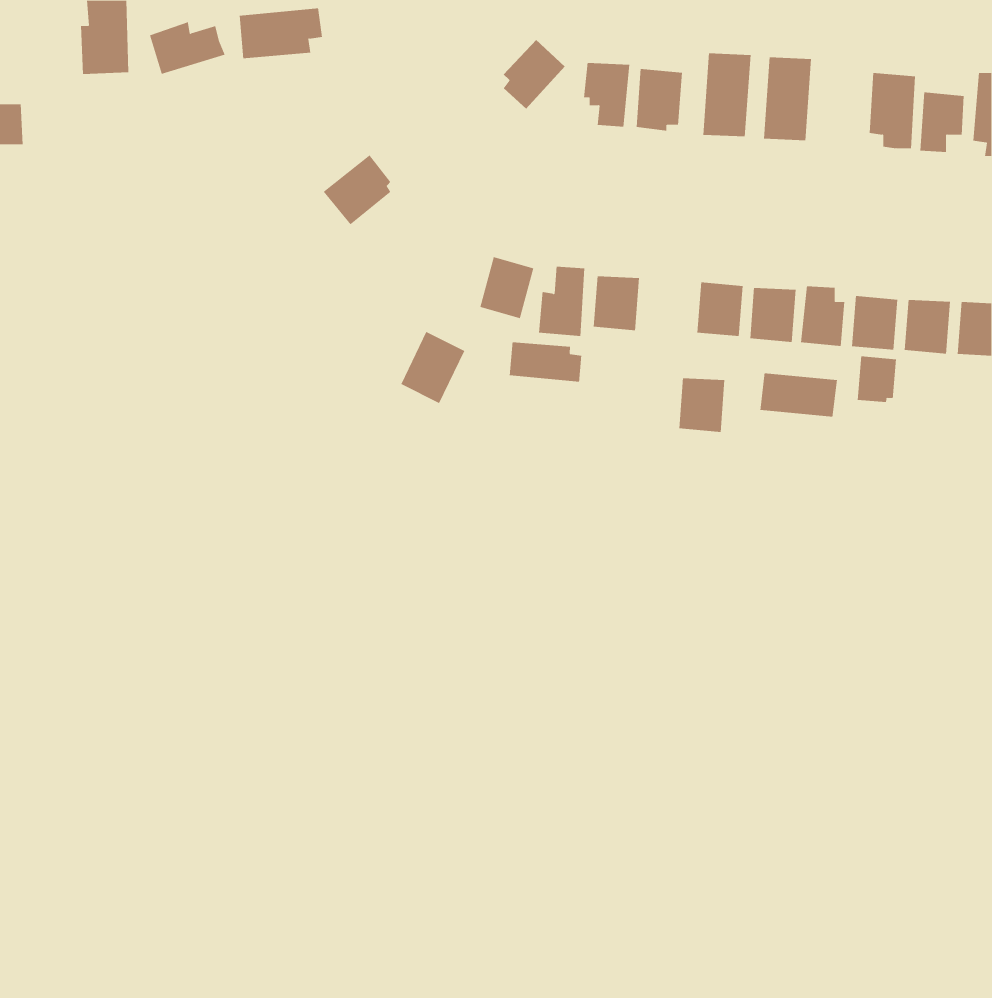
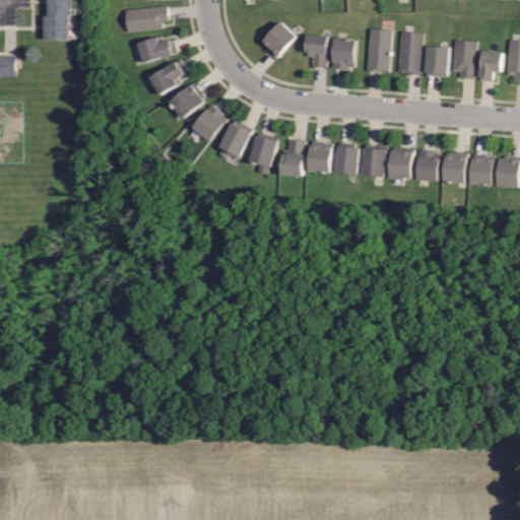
building: [149,22,226,74] -> [136,36,176,63]
building: none -> [422,45,448,77]
building: none -> [148,59,186,94]
building: none -> [191,103,226,141]
building: [400,331,465,404] -> [218,119,252,156]
building: [509,342,582,382] -> none
building: [857,356,897,403] -> none
building: [760,372,837,418] -> none
building: [678,378,725,433] -> [335,145,360,174]

